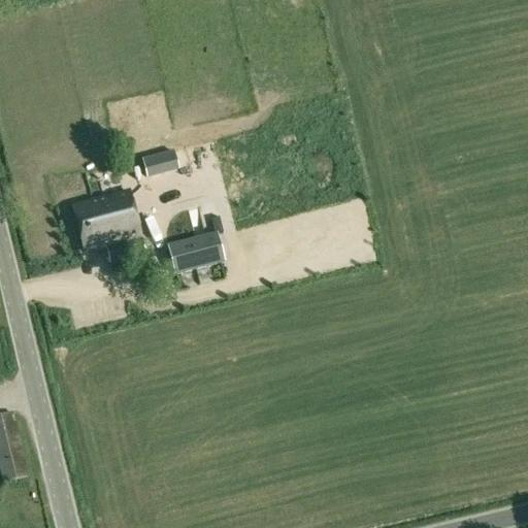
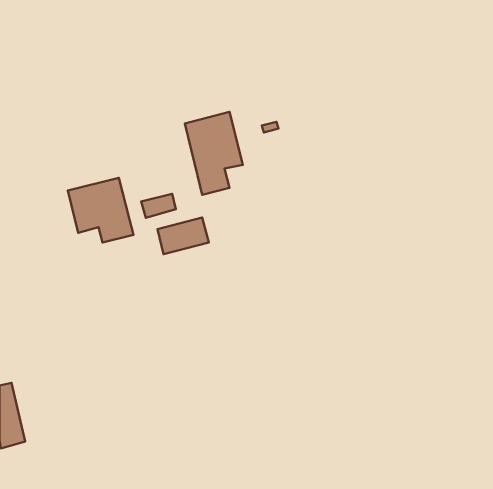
building: none -> [185,112,243,195]
building: [140,148,177,174] -> [141,194,176,218]

